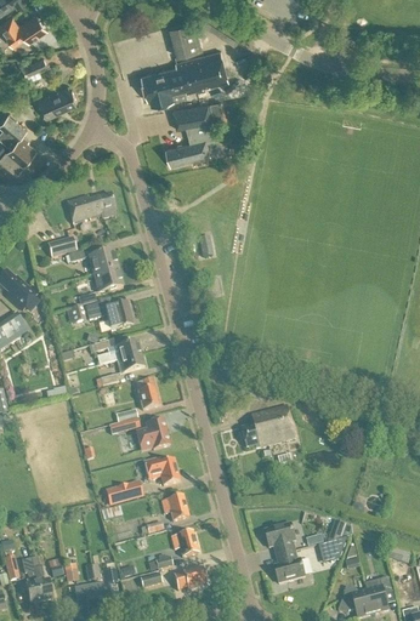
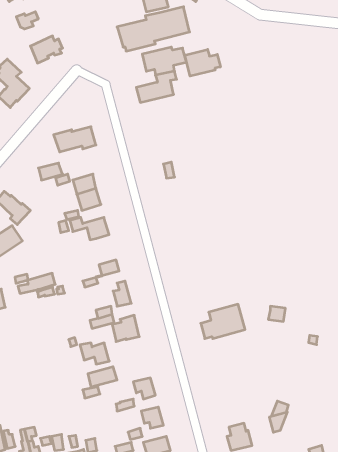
building: none -> [185,49,220,76]
building: [92,340,141,364] -> [15,273,55,293]
building: [143,458,178,484] -> [80,343,109,364]
building: [265,523,295,554] -> none

